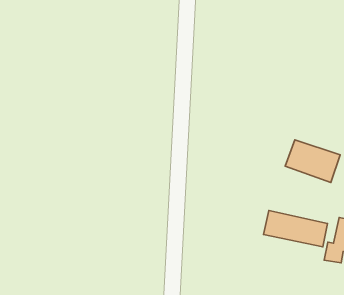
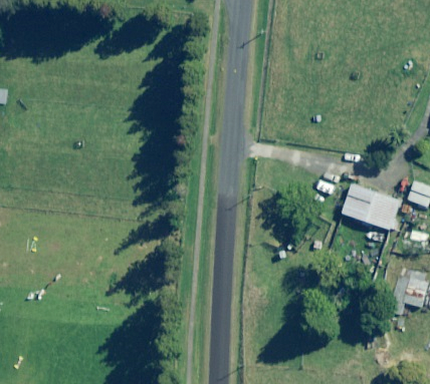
building: [263,211,328,247] -> none

